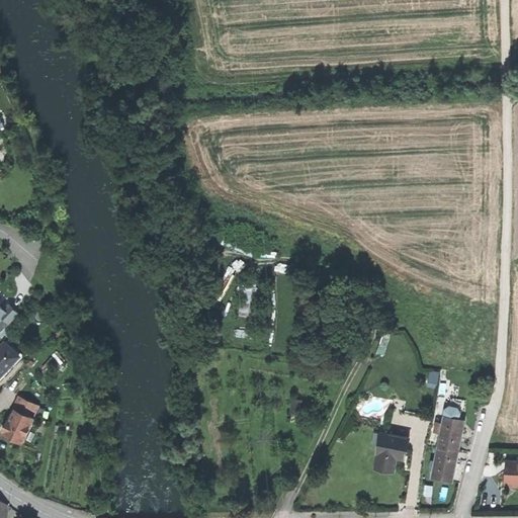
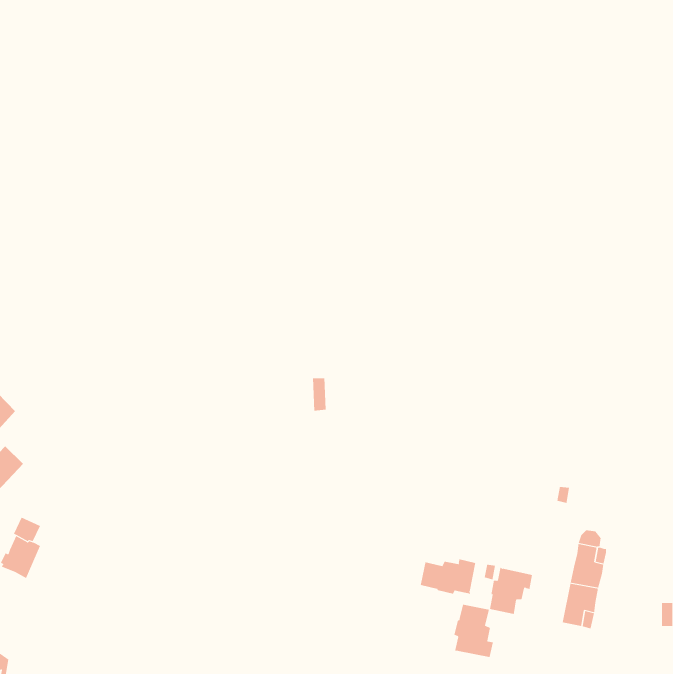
building: none -> [420,558,476,595]
building: none -> [454,604,494,658]

